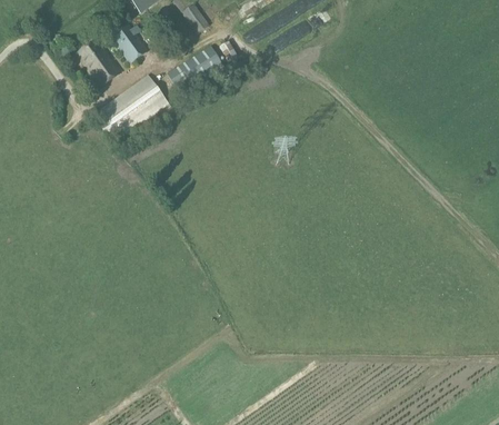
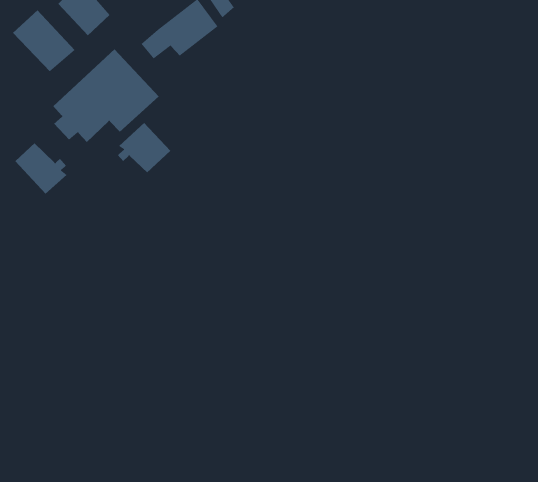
building: none -> [117,122,171,173]
building: none -> [14,143,67,194]

